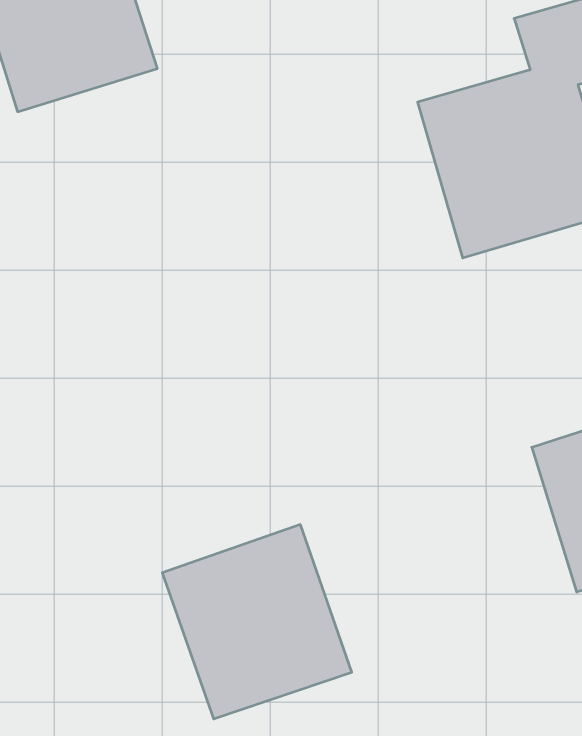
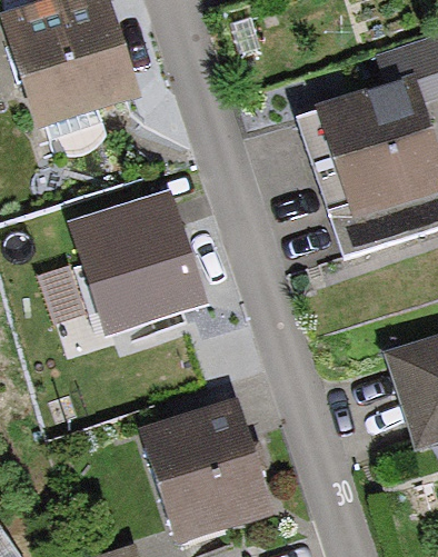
building: none -> [73,197,200,328]

